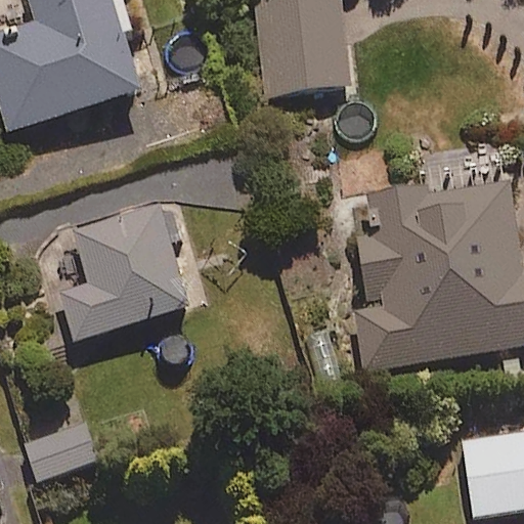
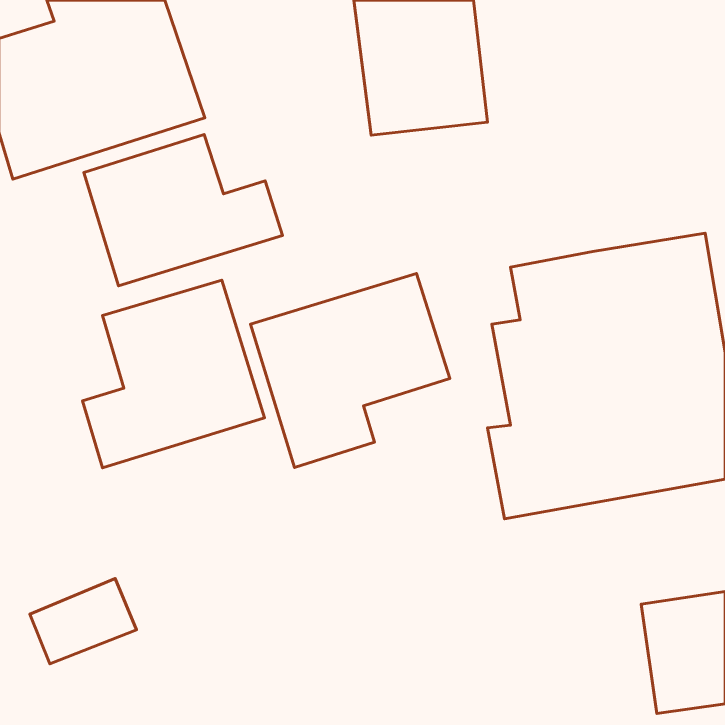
building: none -> [84,135,283,286]
building: none -> [250,273,450,467]

